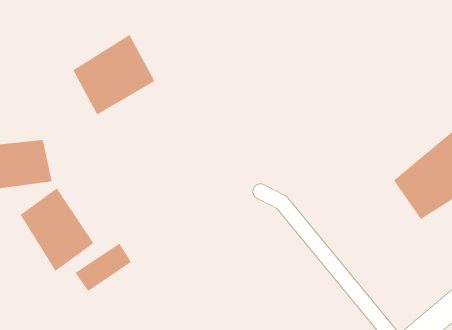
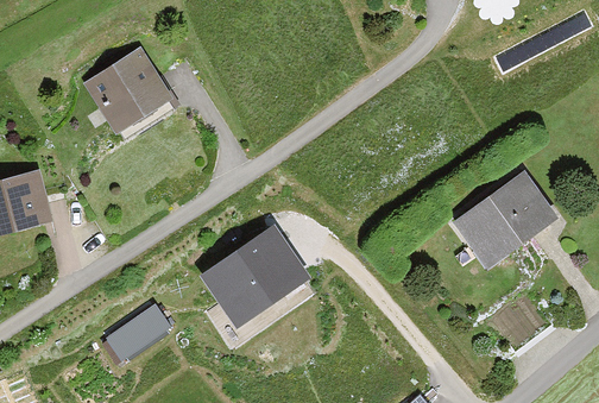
building: [20,188,94,272] -> none
building: none -> [195,233,294,325]

